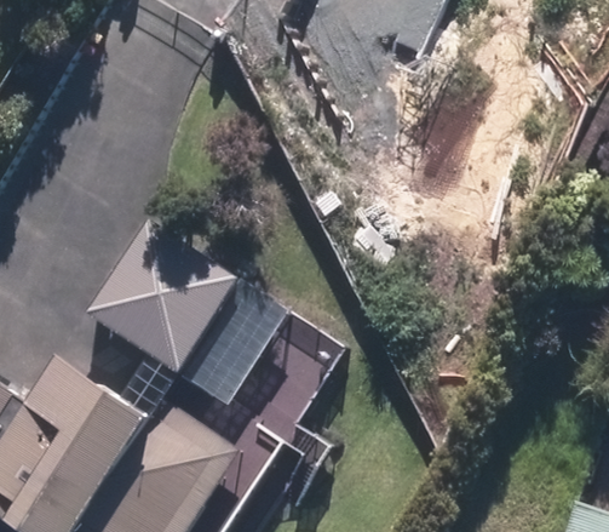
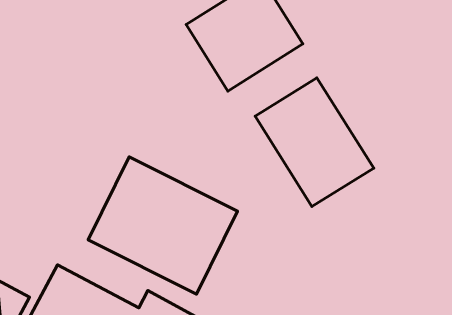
building: none -> [255,78,374,206]

